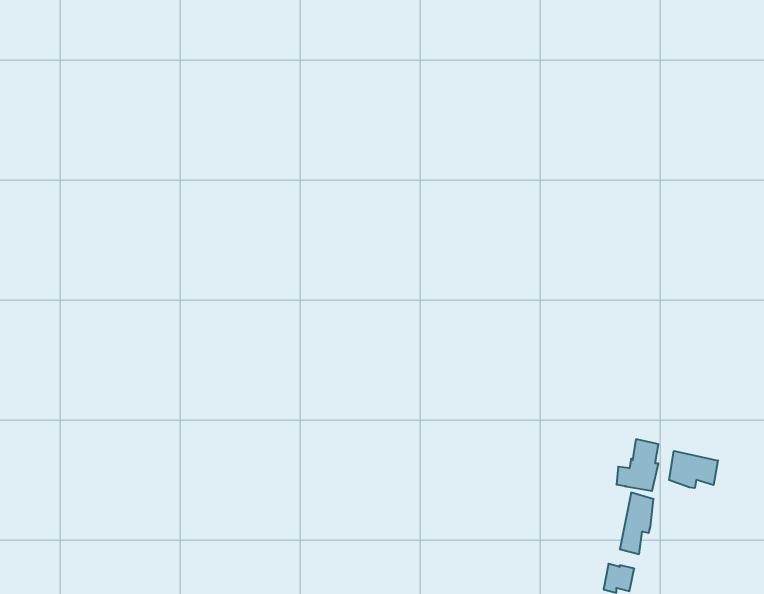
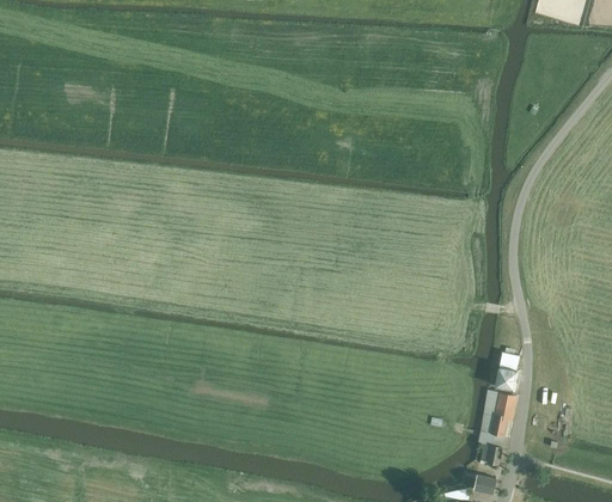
building: [669,451,718,488] -> none

